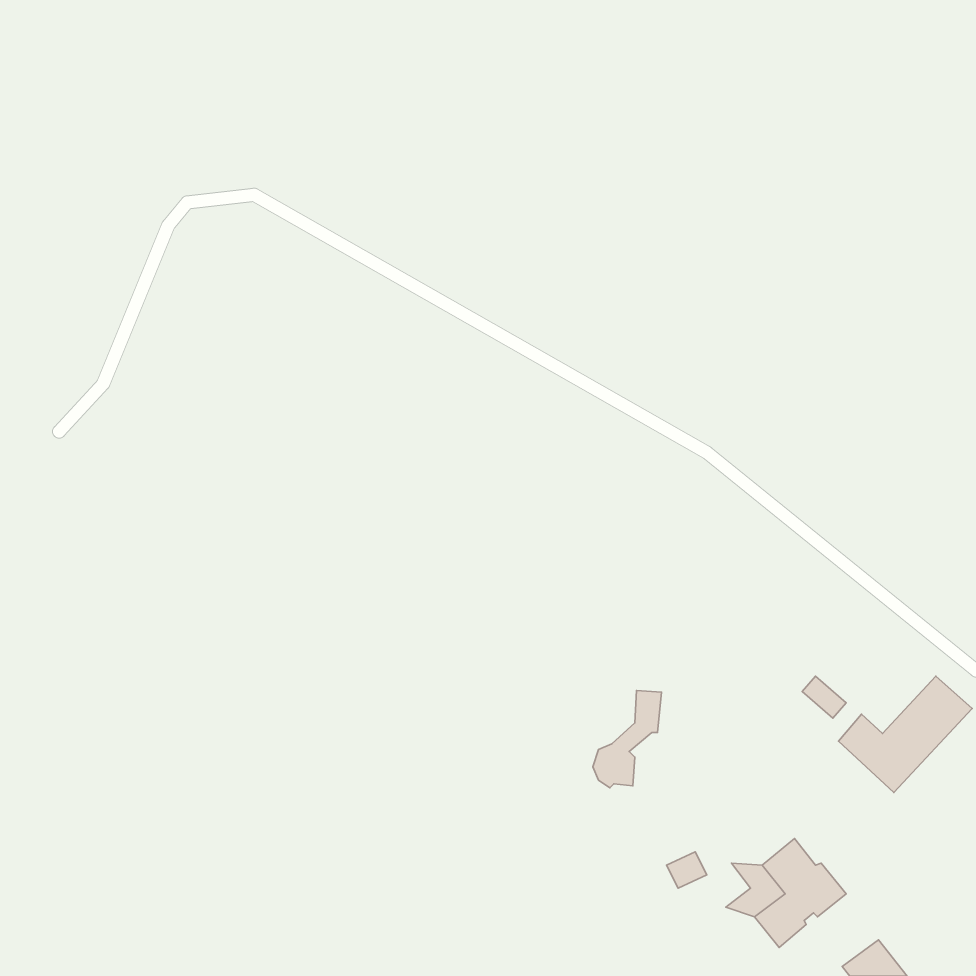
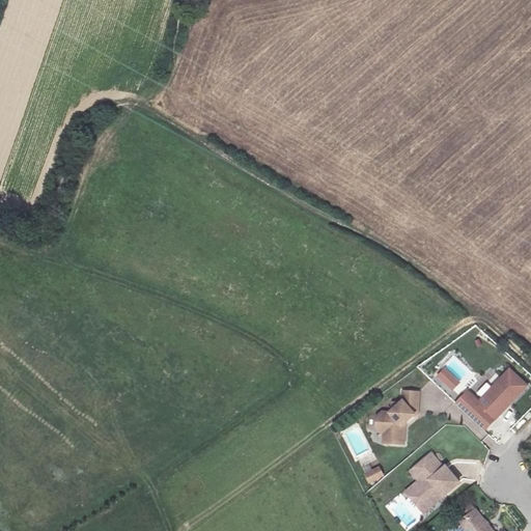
building: [593,690,661,788] -> [382,390,419,443]

